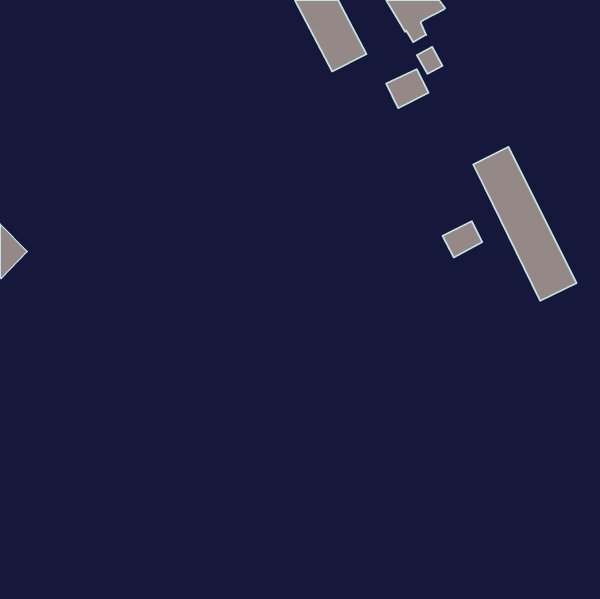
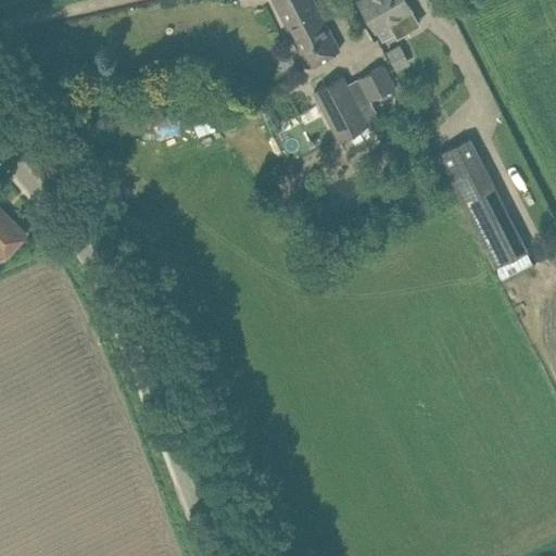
building: none -> [313,77,368,140]
building: [442,221,482,257] -> none

